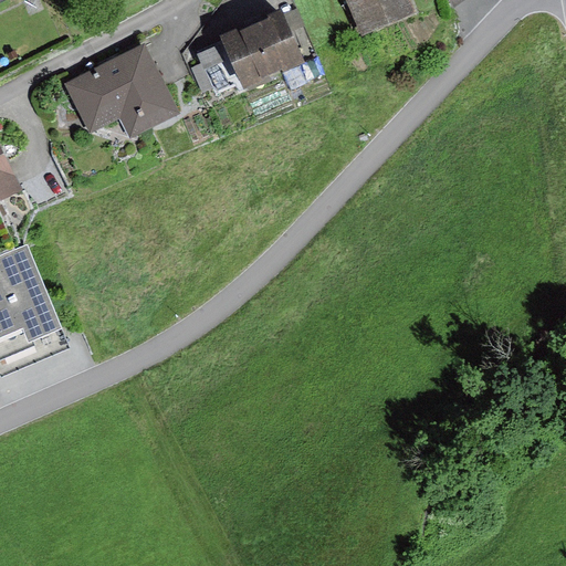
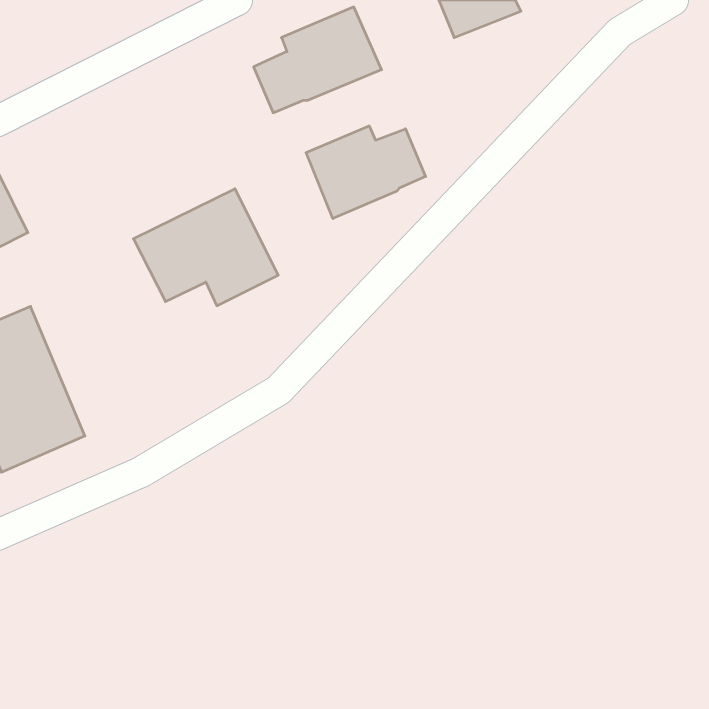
building: [62,44,177,137] -> [133,189,278,306]
building: none -> [306,126,426,219]

